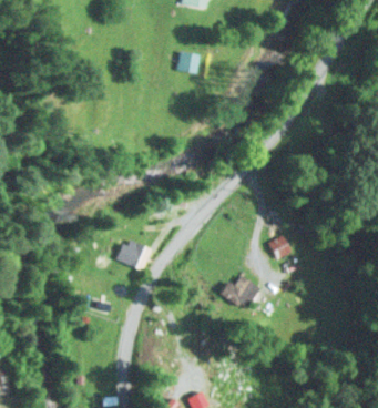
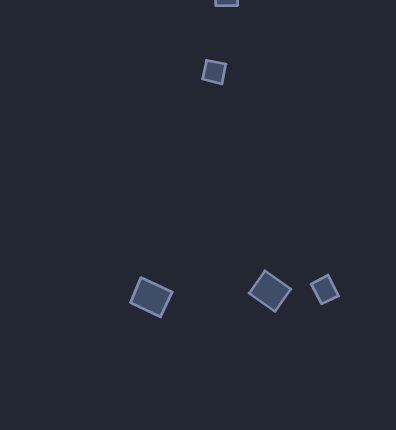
building: [225,274,260,308] -> [249,271,291,311]

